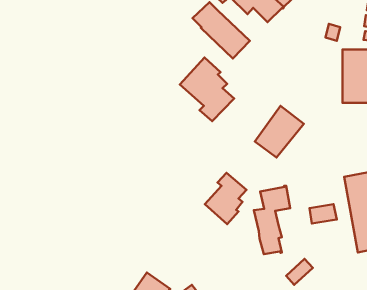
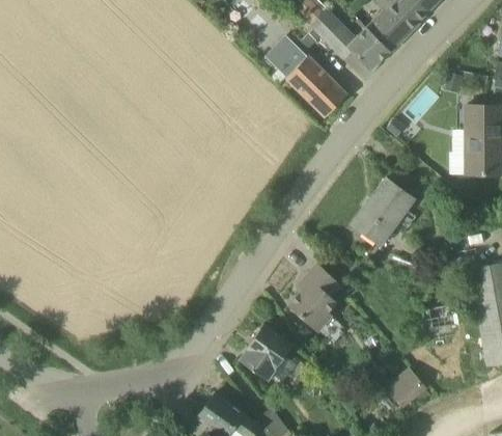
building: [180,57,234,121] -> none
building: [254,186,290,254] -> none
building: none -> [239,325,291,380]

